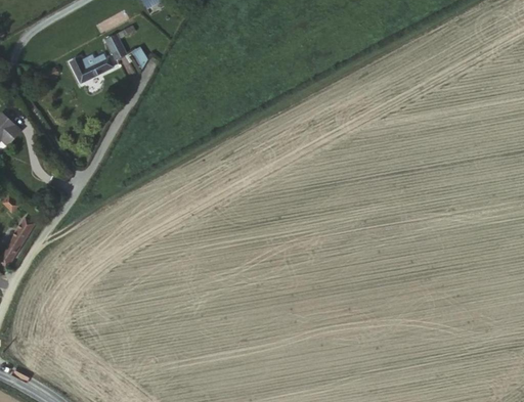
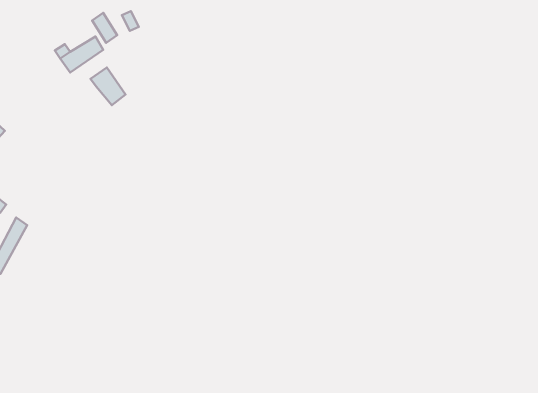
building: none -> [90,67,126,105]

